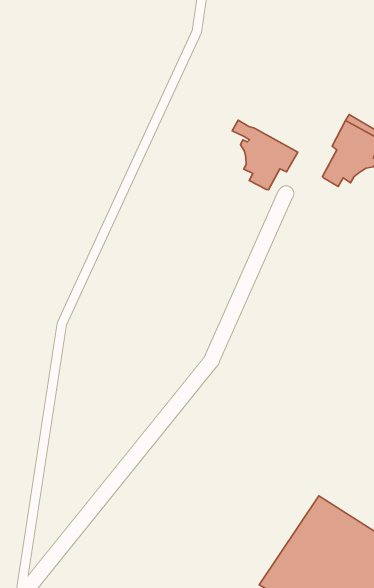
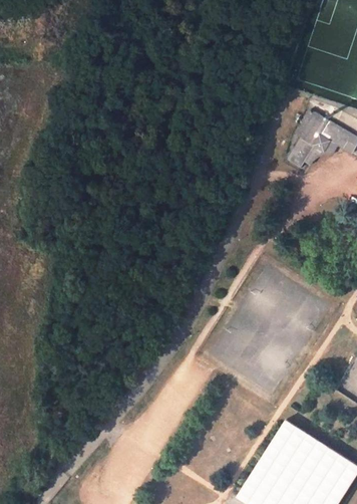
building: [232,120,298,190] -> none

